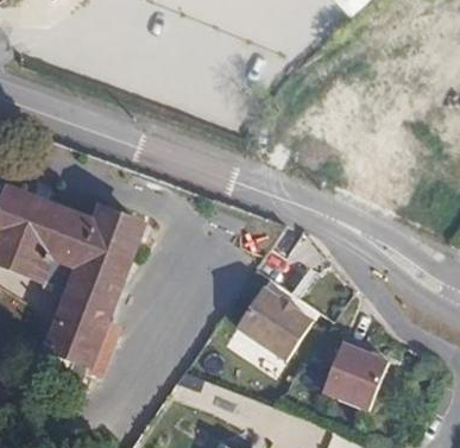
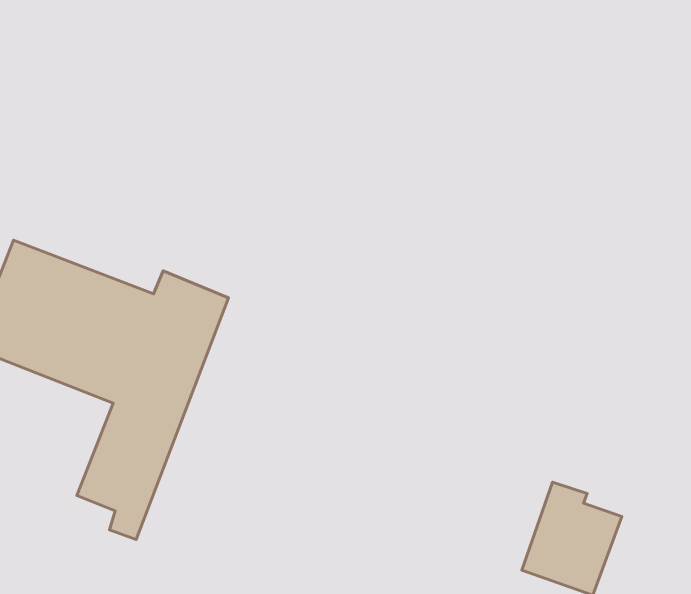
building: [237,285,314,364] -> none

